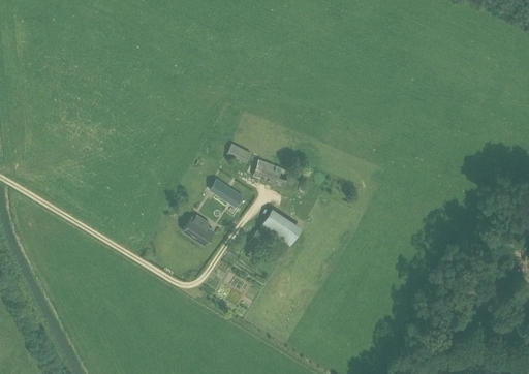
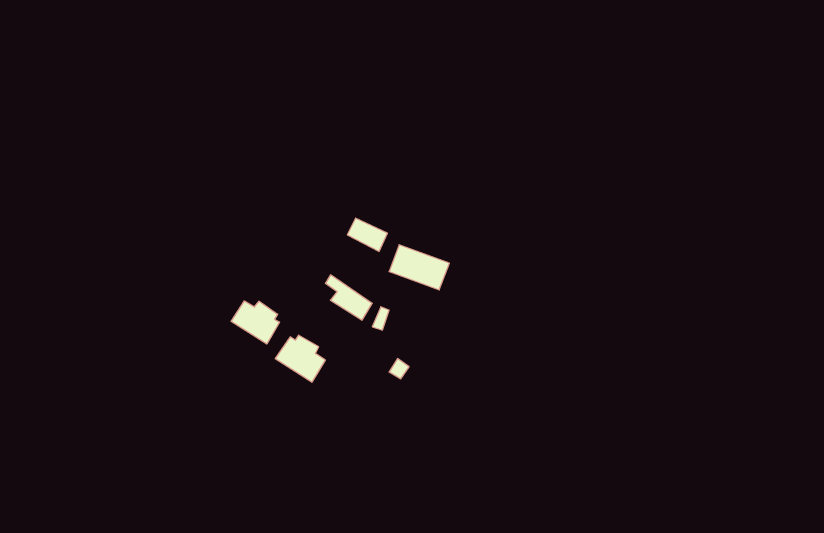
building: none -> [231,301,280,344]
building: [260,209,301,247] -> none

